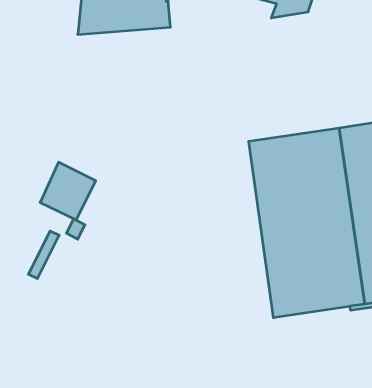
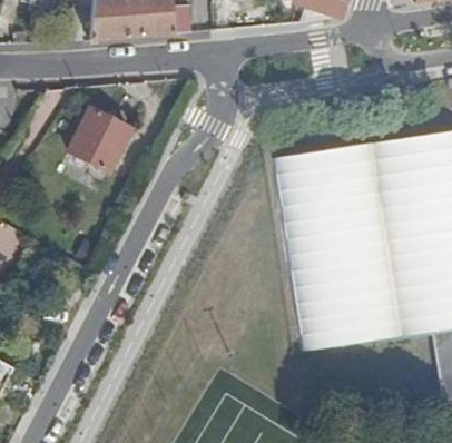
building: [40,162,96,220] -> [71,109,131,171]

